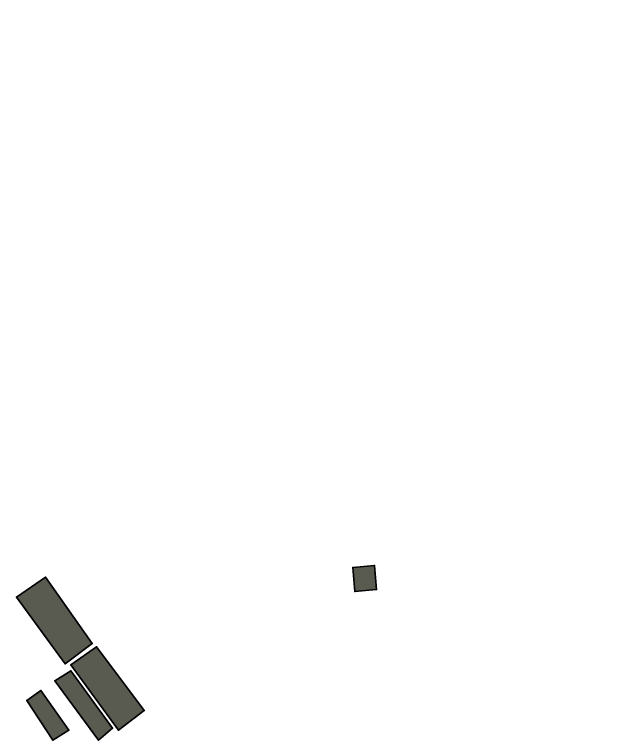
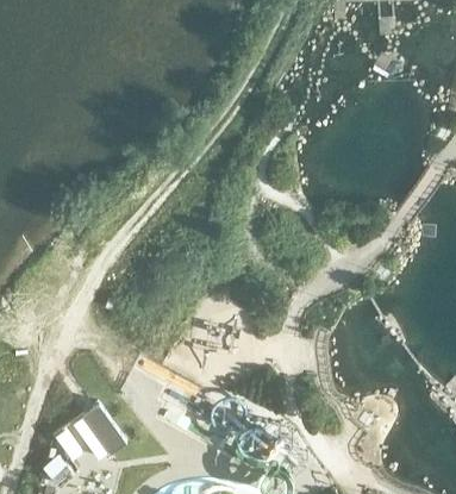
building: [16,577,92,664] -> none

